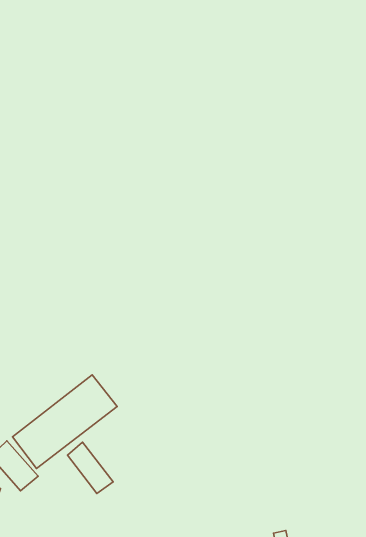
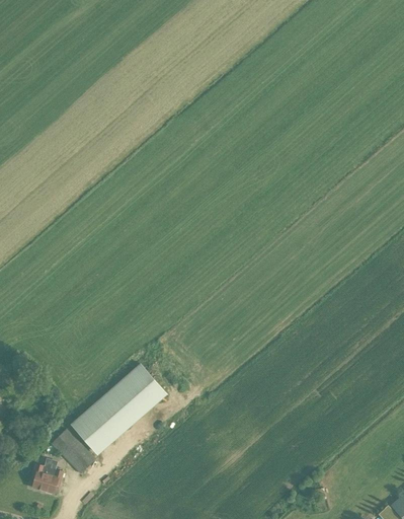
building: [67,442,113,493] -> none

